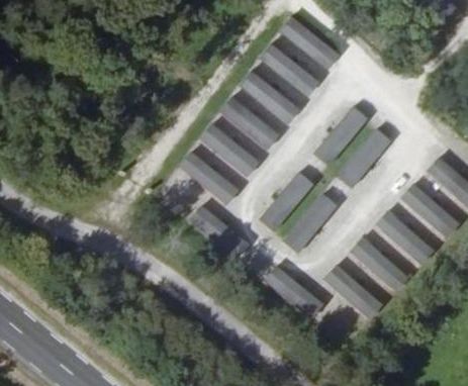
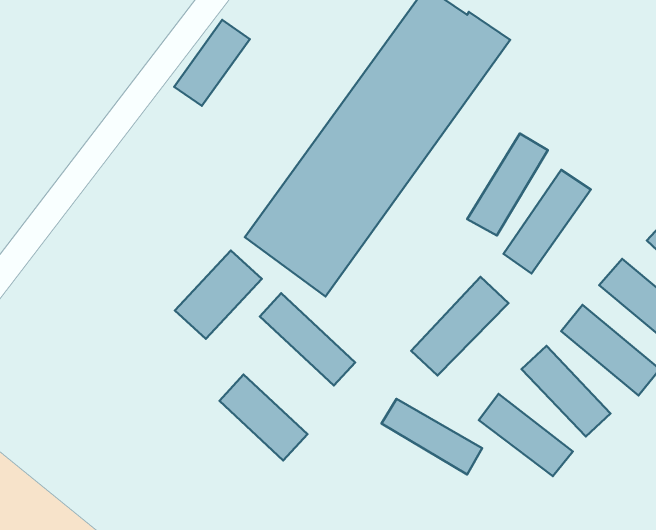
building: none -> [174,20,250,106]
building: [260,171,313,233] -> none
building: none -> [175,251,262,339]
building: none -> [219,374,308,461]

